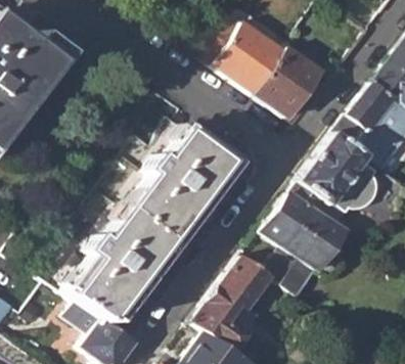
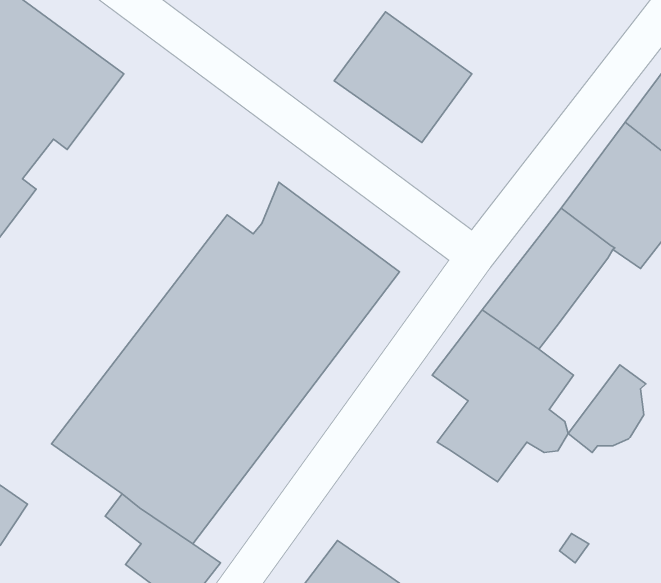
building: [256,47,322,118] -> none
building: [335,161,381,213] -> [568,365,646,453]
building: [193,256,273,349] -> none

